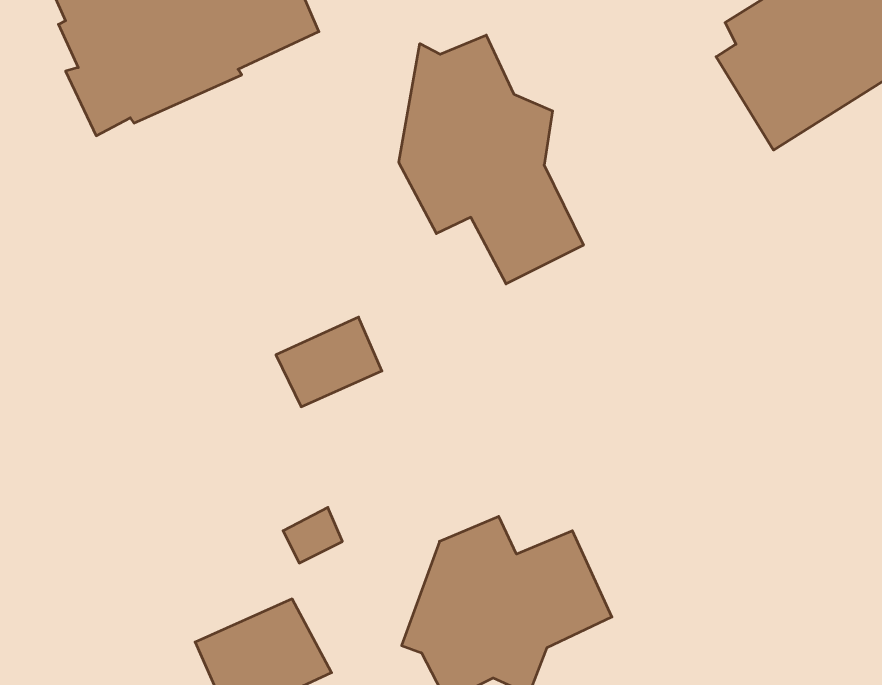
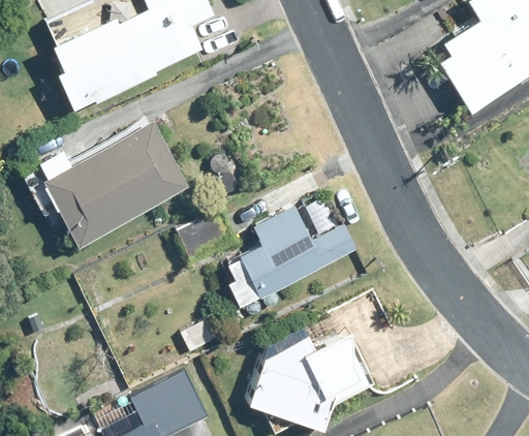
building: [399,35,583,284] -> none
building: none -> [42,120,190,246]
building: none -> [239,209,357,300]

